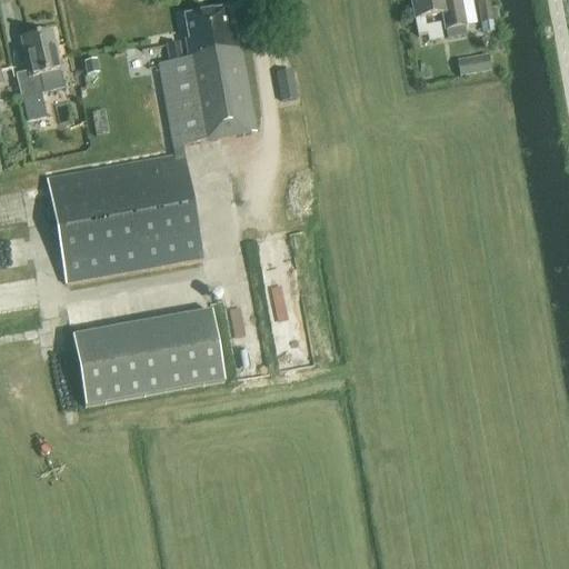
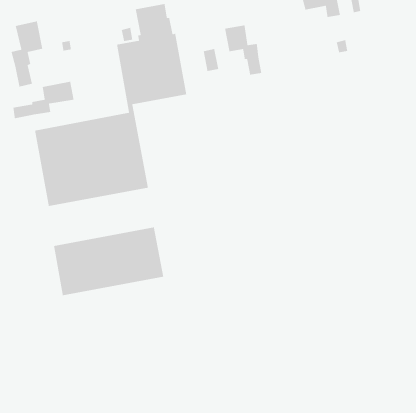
building: none -> [224,24,262,76]
building: none -> [12,81,74,119]

